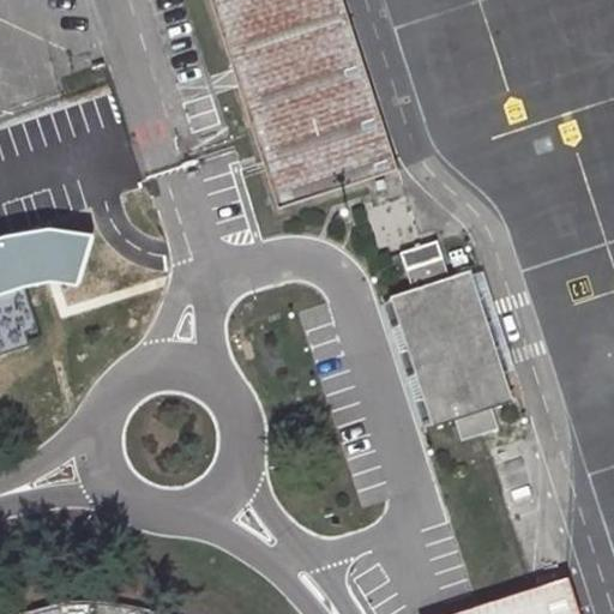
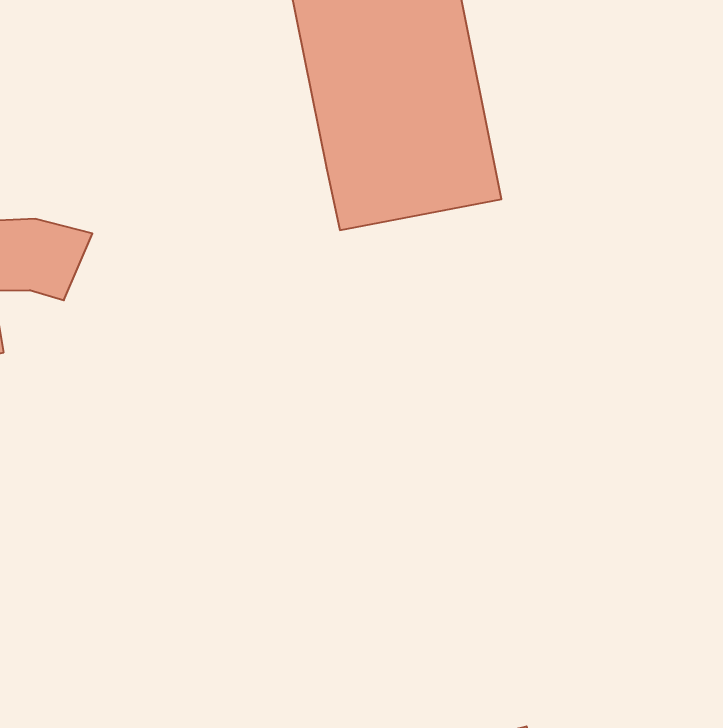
building: [396,242,508,438] -> none

